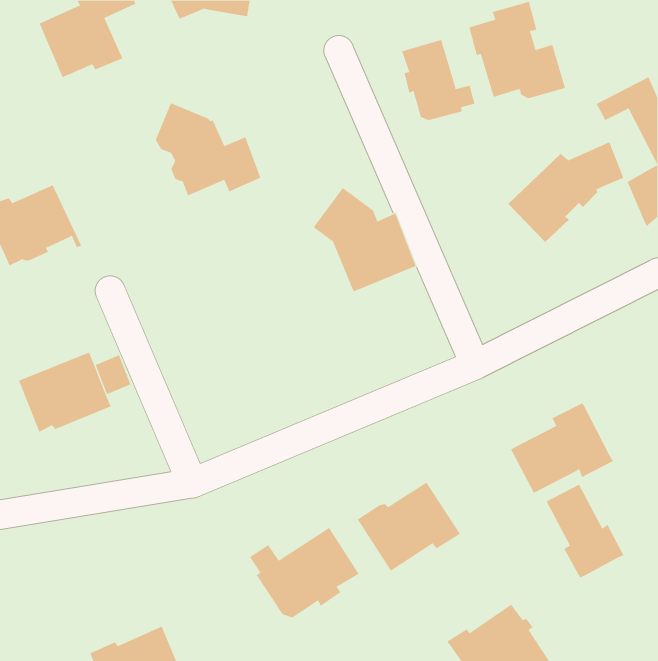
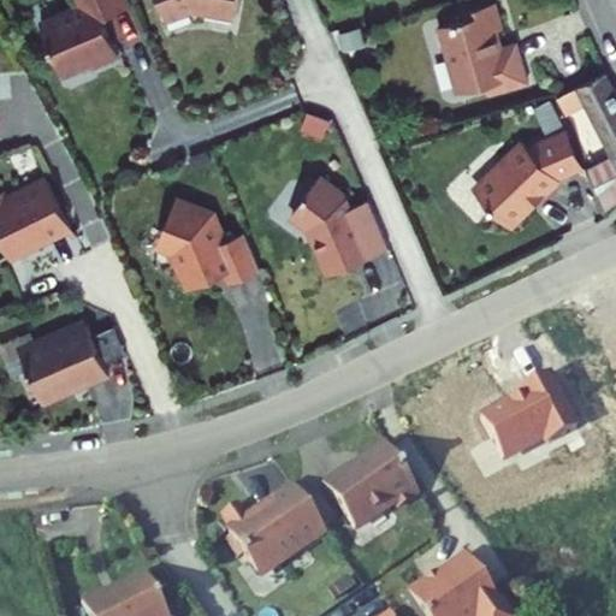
building: [402,39,475,121] -> none
building: [155,103,261,196] -> [160,196,259,283]
building: [546,484,624,578] -> none

